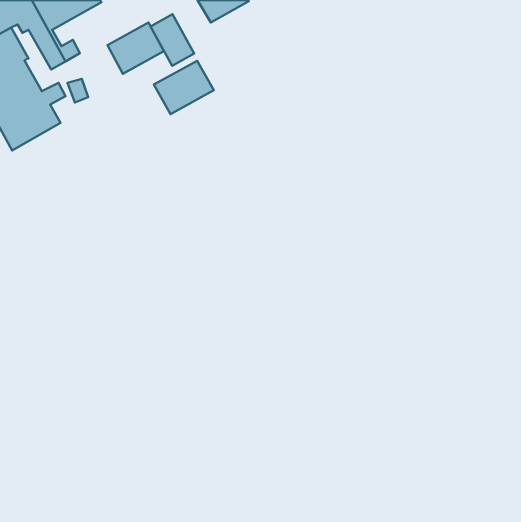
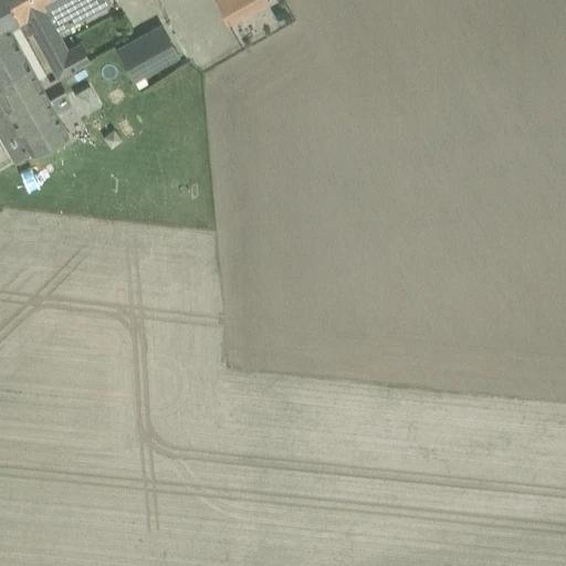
building: [151,14,194,66] -> none
building: [154,61,214,114] -> none

